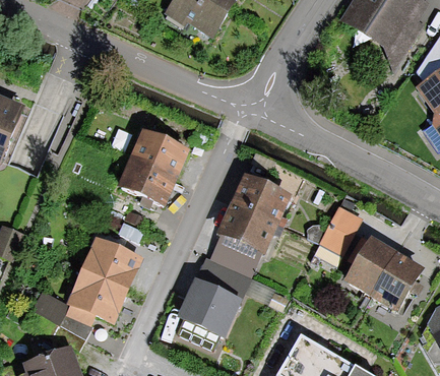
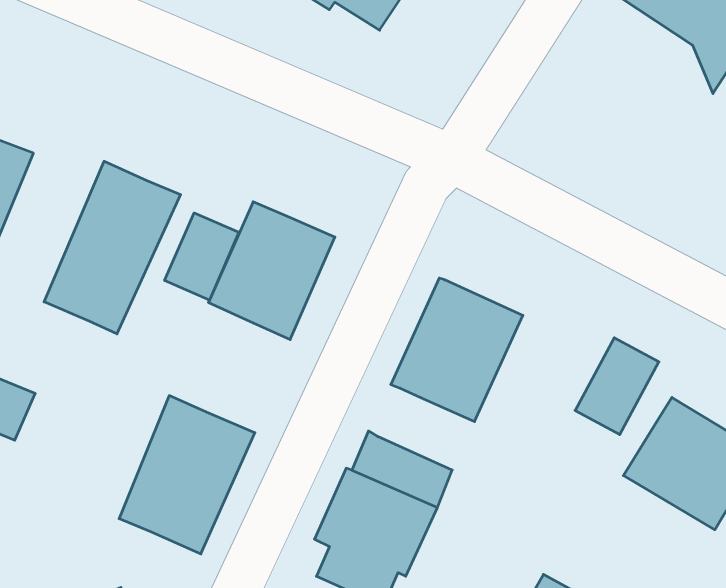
building: none -> [44,161,181,334]
building: none -> [165,213,239,300]
building: [210,233,263,277] -> none
building: [32,290,91,337] -> none

